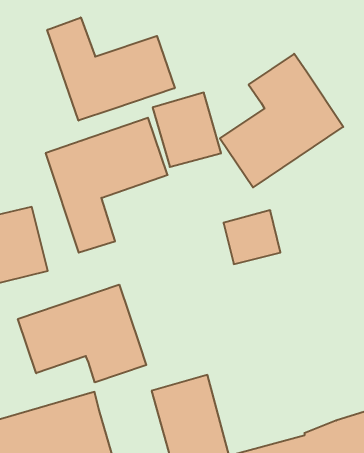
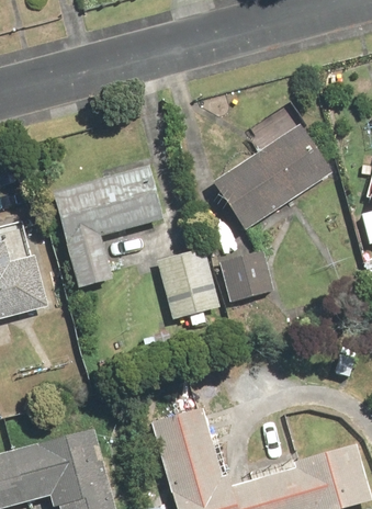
building: [47,17,175,121] -> none
building: [153,93,221,167] -> [156,247,222,318]
building: [18,285,146,382] -> none

